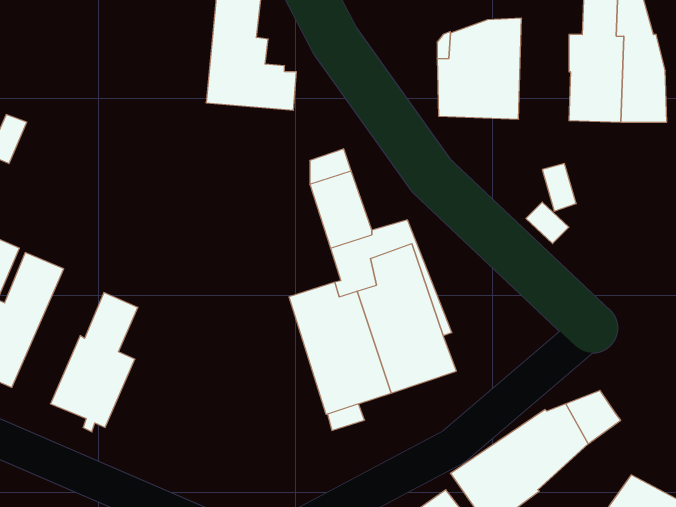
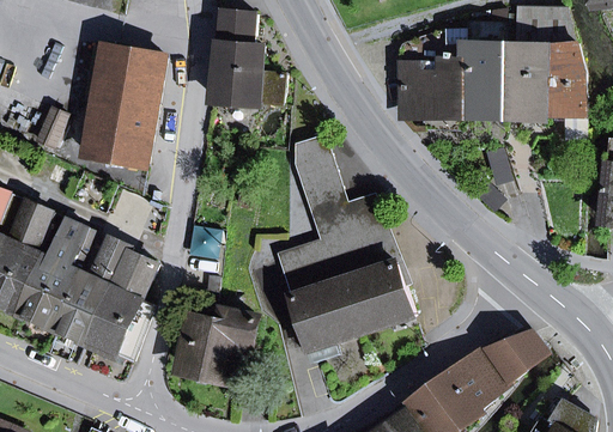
building: none -> [463,23,505,114]
building: none -> [86,48,164,166]
building: none -> [54,233,131,342]
building: none -> [182,312,256,383]

